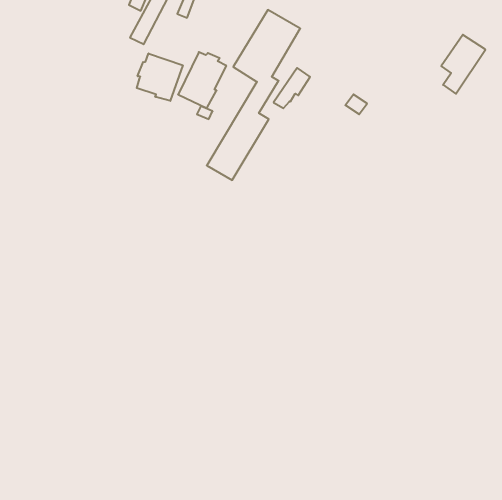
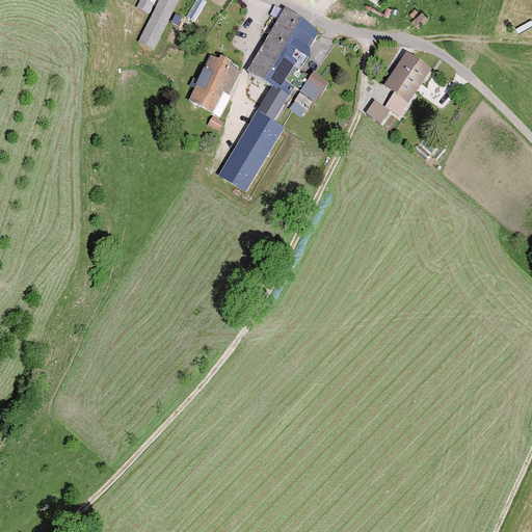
building: [441,35,485,94] -> [382,52,429,114]
building: [137,53,183,101] -> none

